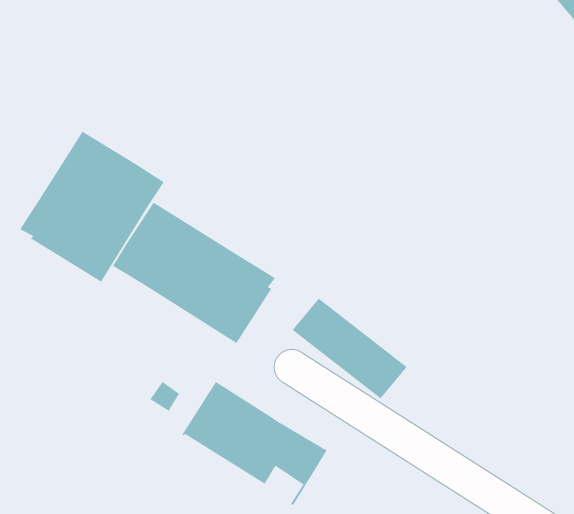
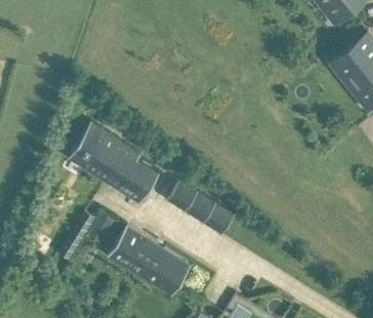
building: [20,131,165,283] -> none

